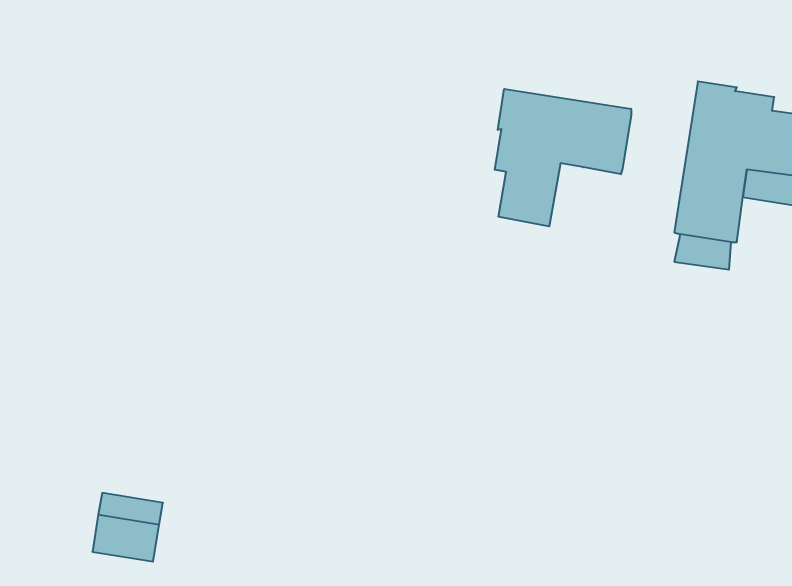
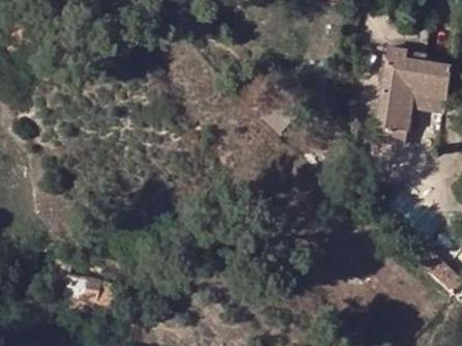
building: [495,89,631,226] -> none

